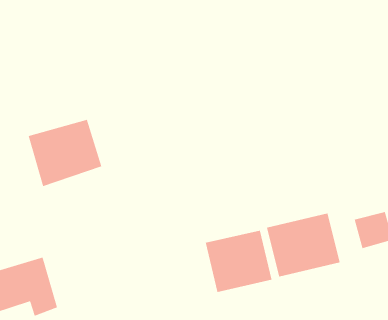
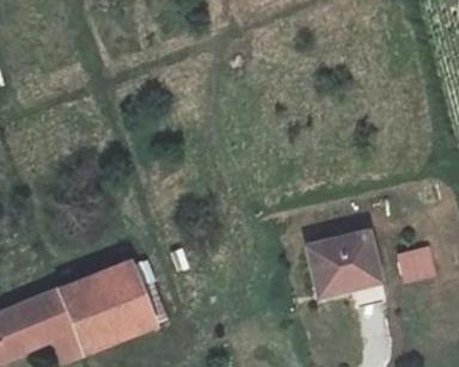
building: [28,119,102,187] -> [67,270,146,342]
building: [205,230,272,293] -> none

